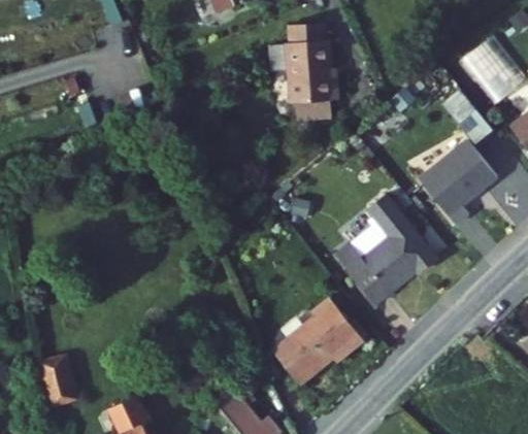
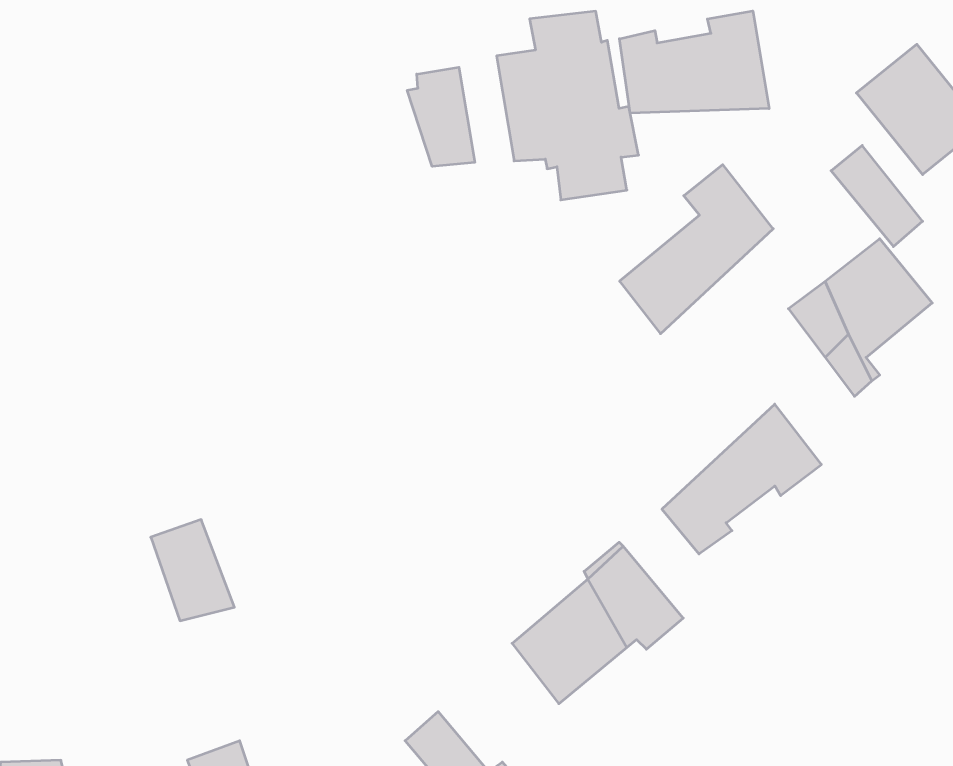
building: none -> [619,11,769,113]
building: none -> [407,67,475,166]
building: [332,193,414,282] -> [620,165,773,334]
building: [42,352,87,405] -> [151,520,234,621]

